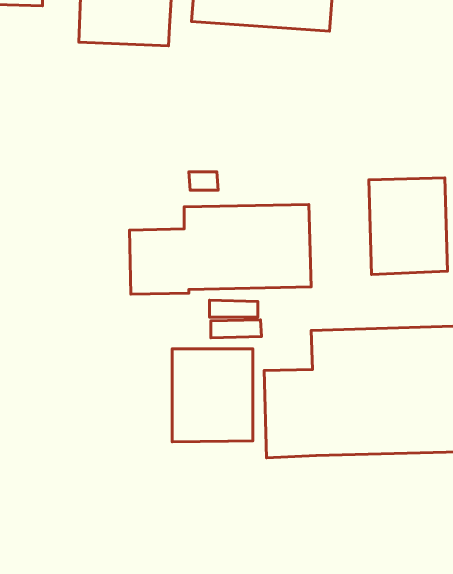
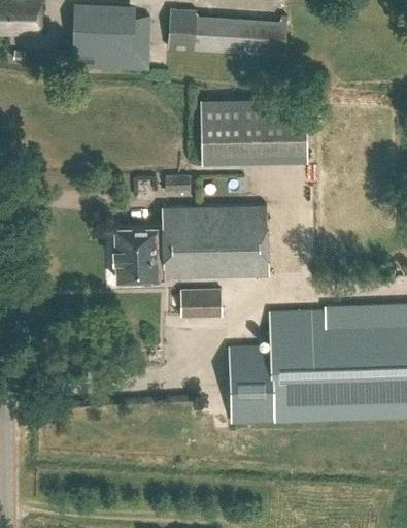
building: none -> [198,98,305,164]
building: [369,178,448,274] -> none
building: [172,349,253,442] -> none

